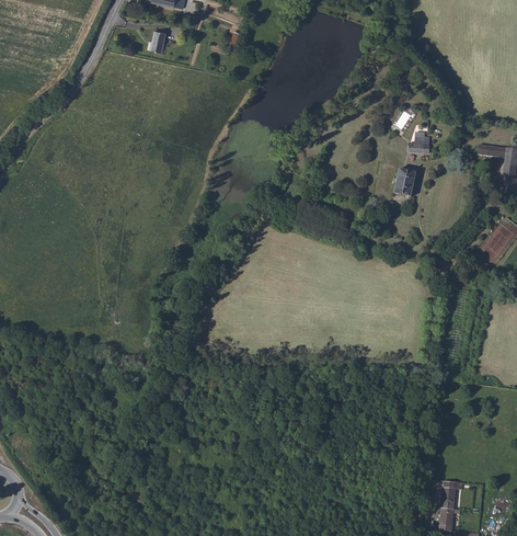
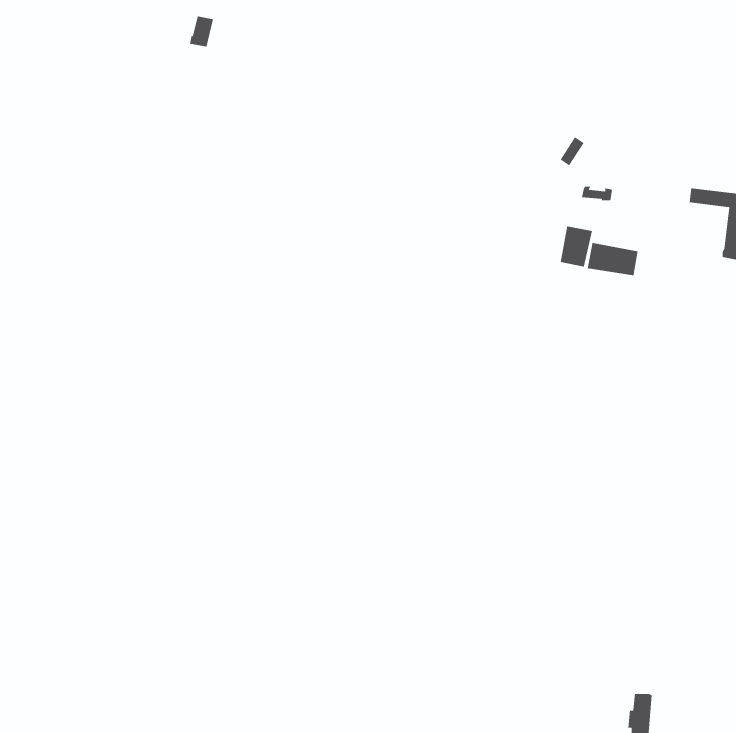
building: none -> [587,242,638,276]

